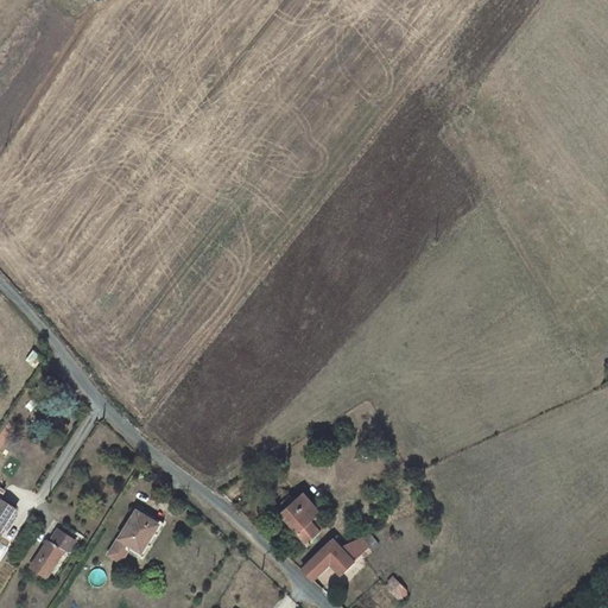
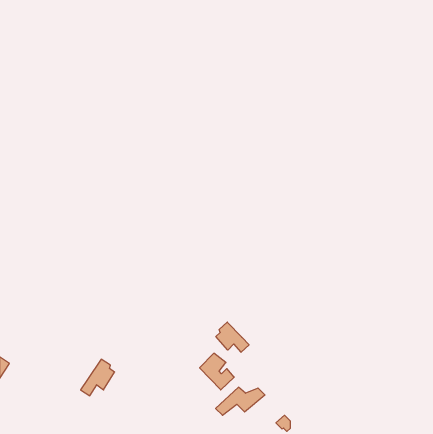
building: none -> [216,322,249,352]
building: [26,531,69,578] -> none

